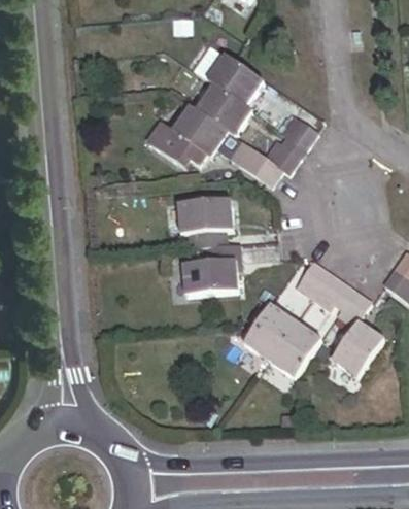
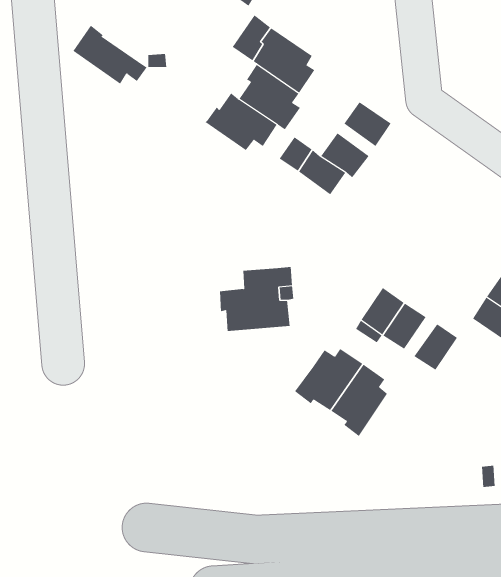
building: [147,121,207,168] -> [72,25,148,85]
building: [178,198,232,248] -> none
building: [331,326,384,375] -> none

